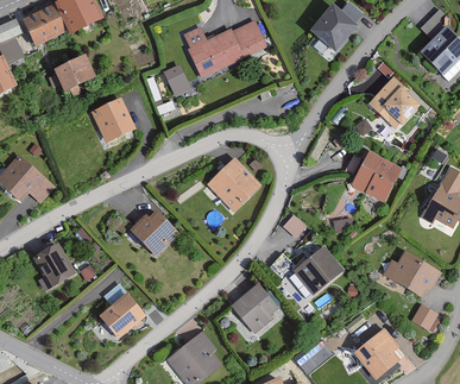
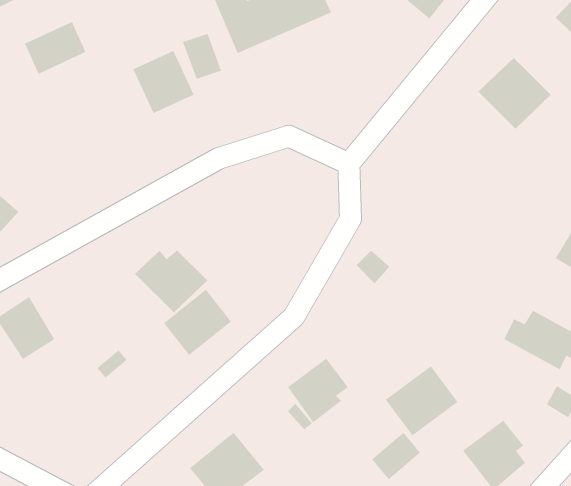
building: [90,96,133,140] -> [133,50,194,114]
building: [349,149,401,201] -> none
building: [204,155,259,209] -> none
building: [291,244,342,292] -> [385,366,459,436]
building: [100,290,147,336] -> [163,289,232,356]

